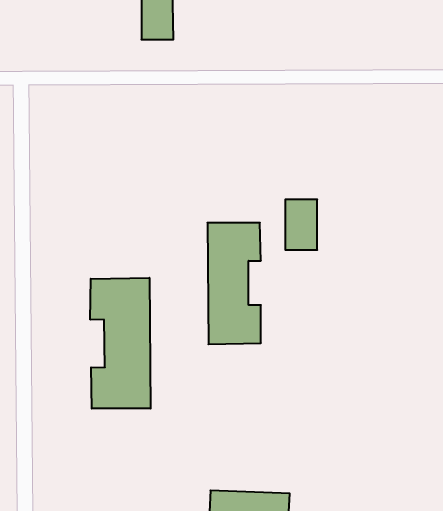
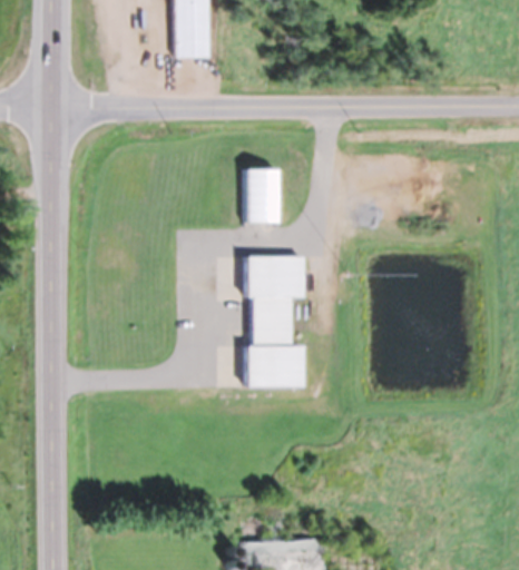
building: [285,199,317,250] -> [245,168,280,223]
building: [90,278,151,409] -> none

